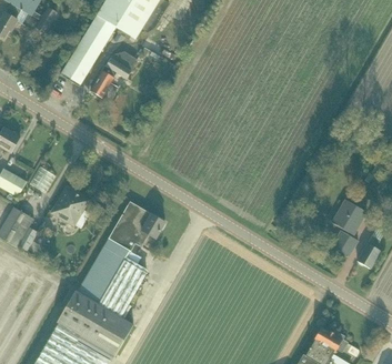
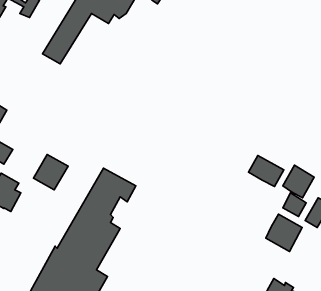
building: [90,52,137,100] -> none
building: none -> [248,155,284,187]
building: none -> [266,214,302,251]

